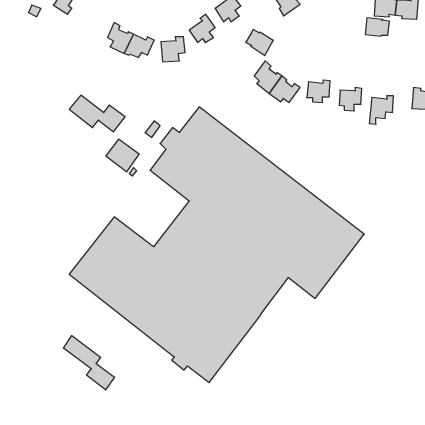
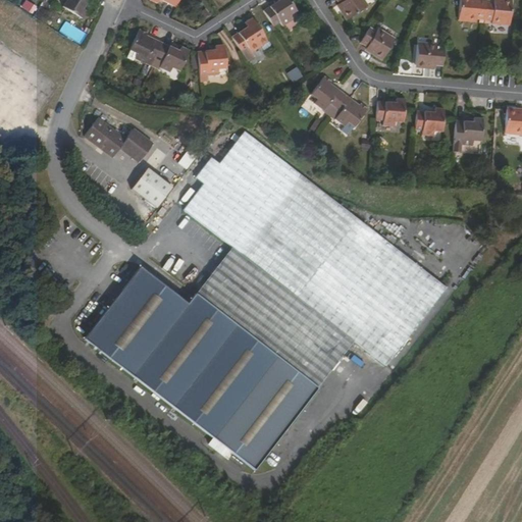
building: [365,18,389,36] -> [416,44,446,66]
building: [246,30,273,55] -> [361,27,395,58]
building: [63,336,115,390] -> none

